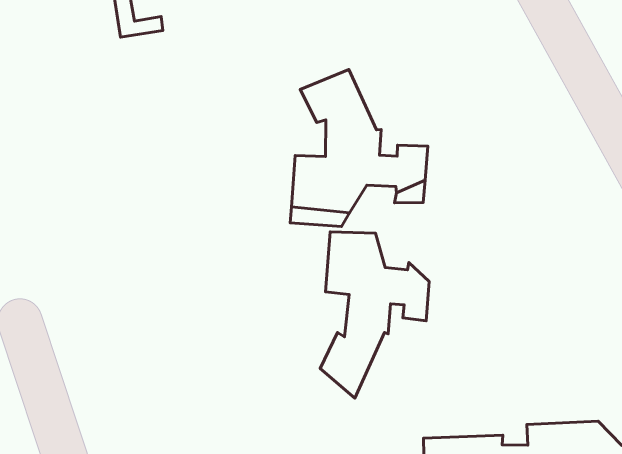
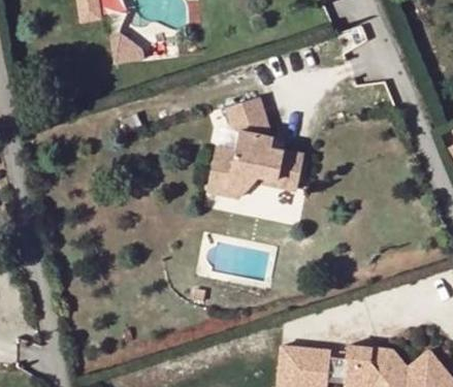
building: [320,232,429,398] -> none

